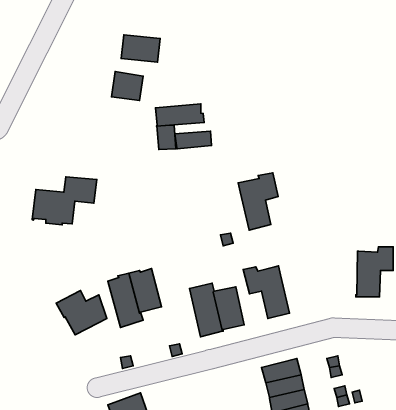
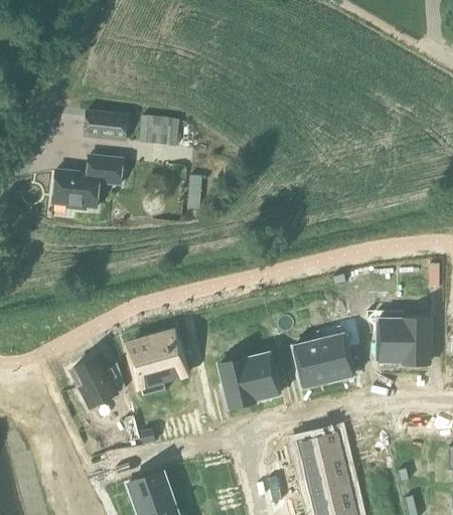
building: [121,35,160,62] -> [85,112,128,142]
building: [156,104,204,126] -> none
building: [175,131,212,149] -> none
building: [238,173,278,230] -> [317,319,361,382]
building: [32,177,97,225] -> [52,157,124,210]
building: none -> [366,310,406,362]

